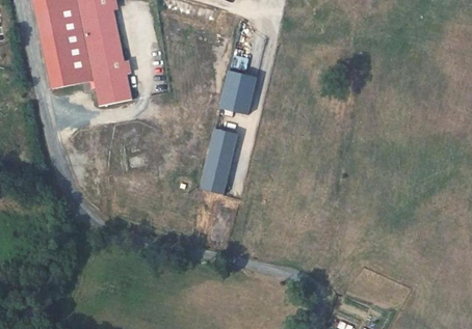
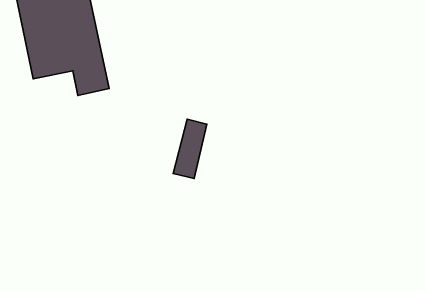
building: [219,73,255,115] -> none

